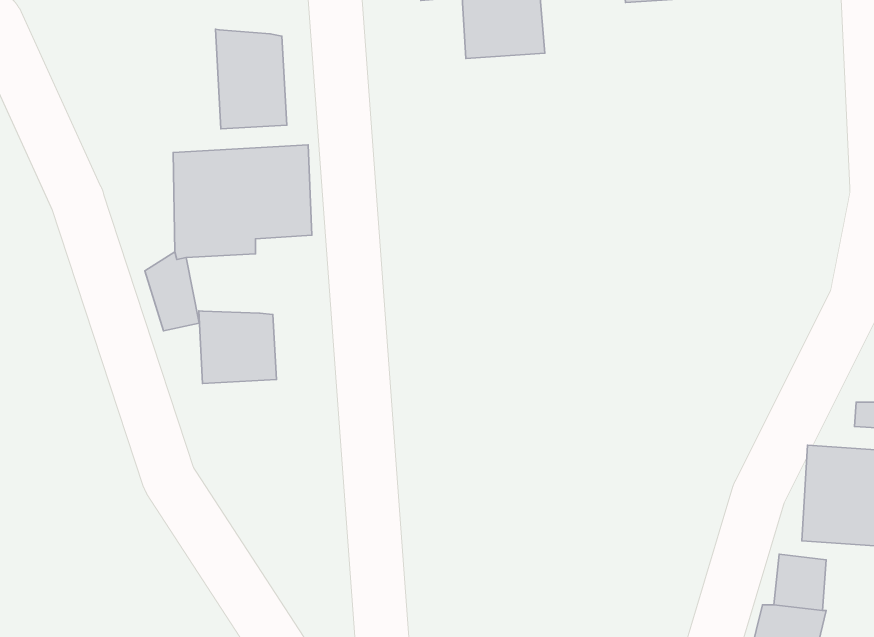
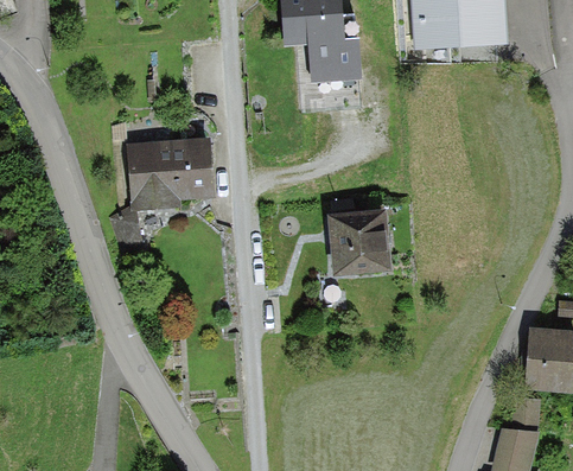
building: [215,29,287,129] -> none
building: none -> [330,210,390,275]
building: [199,311,277,384] -> none

